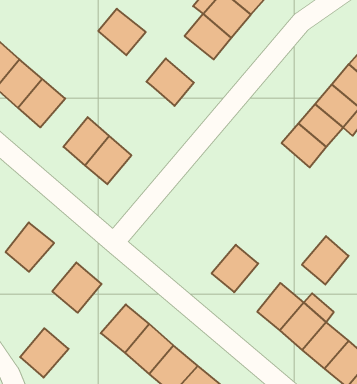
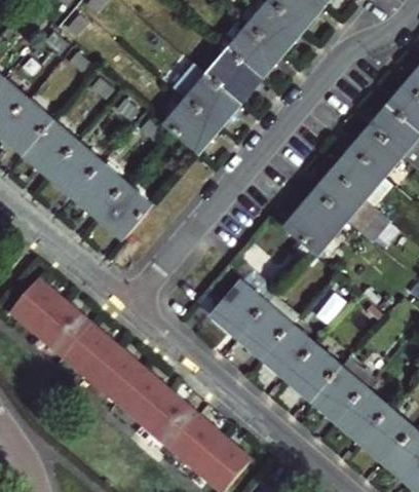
building: [98,9,146,55] -> [188,74,240,125]
building: none -> [49,143,102,196]
building: none -> [285,192,346,254]
building: none -> [212,281,265,336]
building: [302,236,349,285] -> [263,325,314,378]
building: none -> [37,302,89,355]
building: [20,328,69,378] -> [90,347,144,402]

